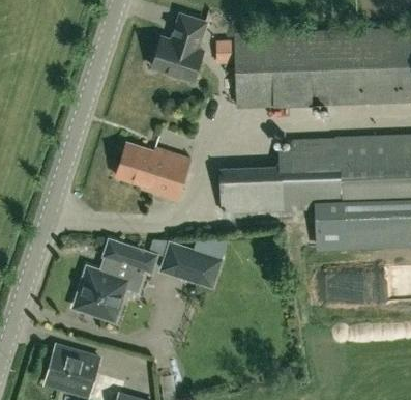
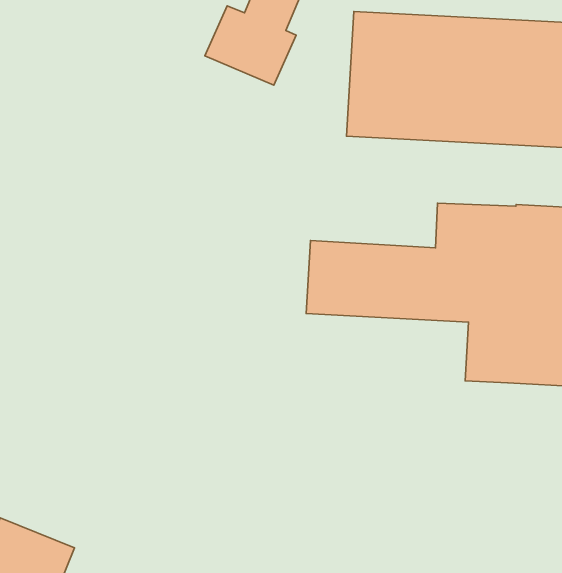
building: [115,143,189,201] -> none
building: [76,239,155,318] -> none
building: [160,242,219,287] -> none

